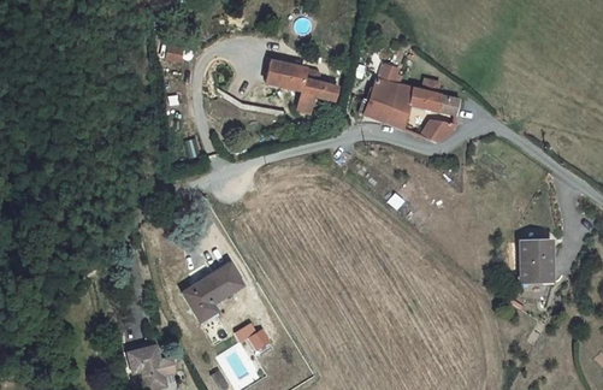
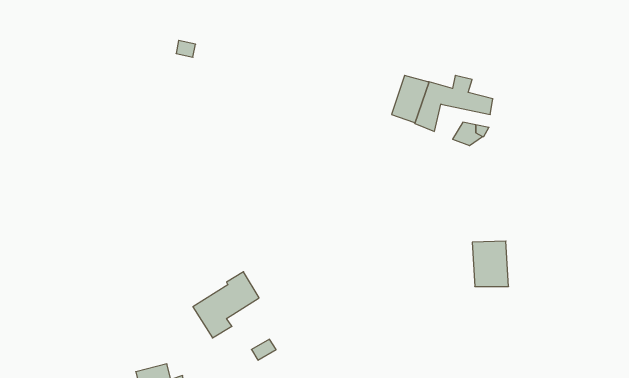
building: [267,61,339,113] -> none
building: [520,240,554,282] -> [472,241,509,286]

